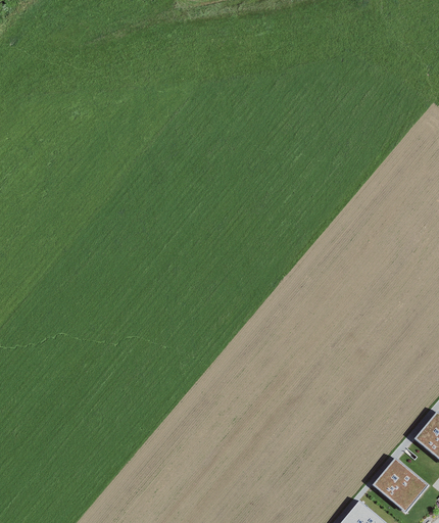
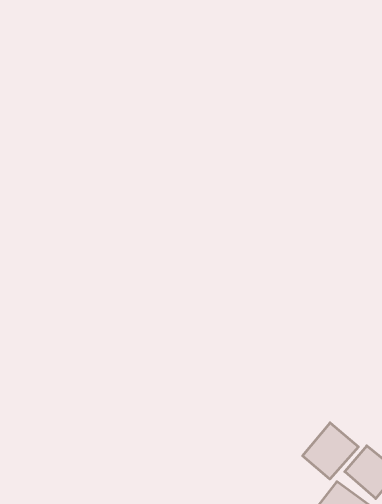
building: none -> [303,423,358,479]

